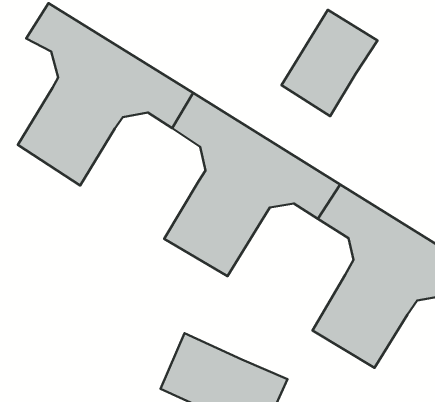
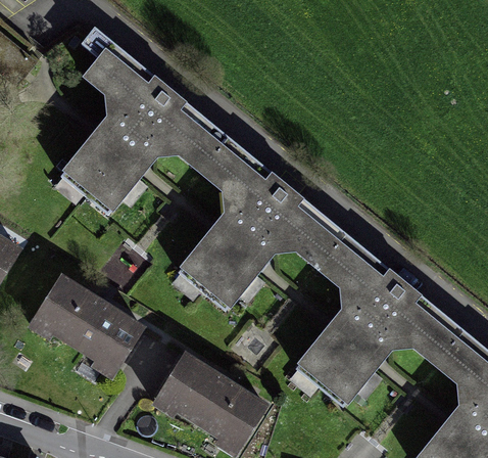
building: [282,10,377,116] -> none
building: none -> [34,274,147,372]

